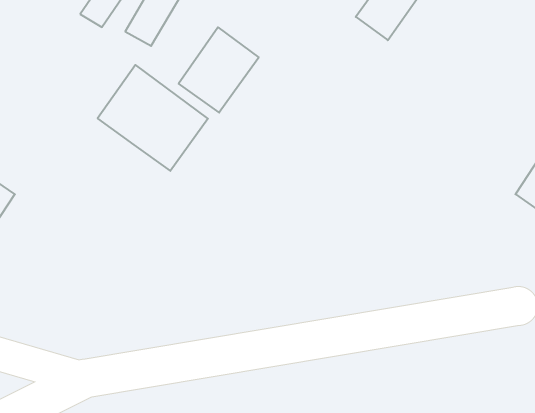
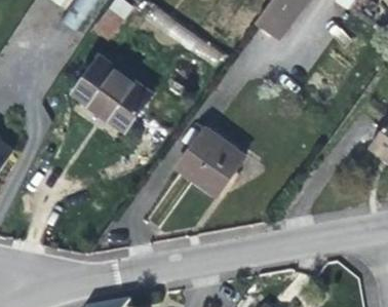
building: [179,27,259,113] -> none
building: none -> [177,127,244,195]

